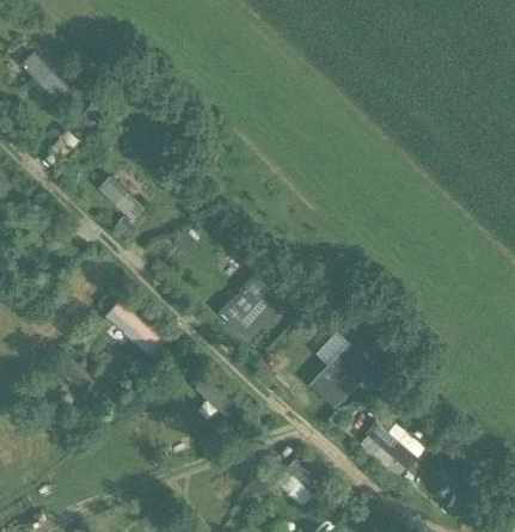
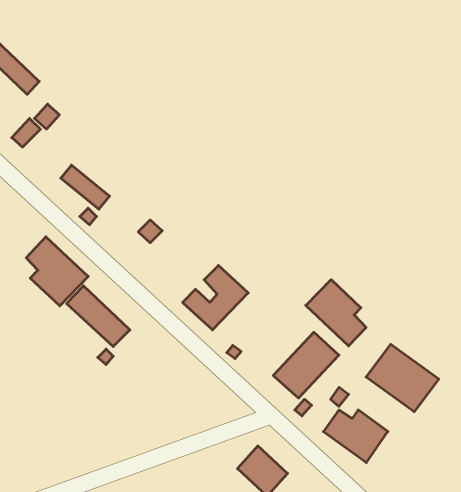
building: none -> [26,237,88,306]
building: none -> [306,280,366,346]
building: none -> [366,344,439,412]

